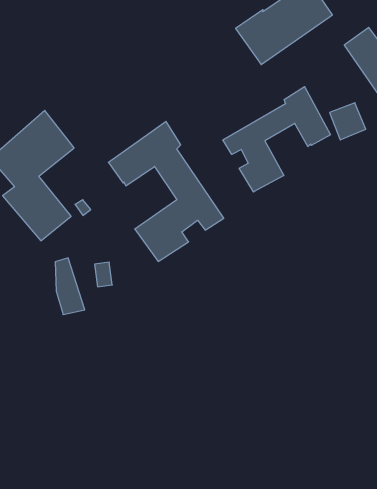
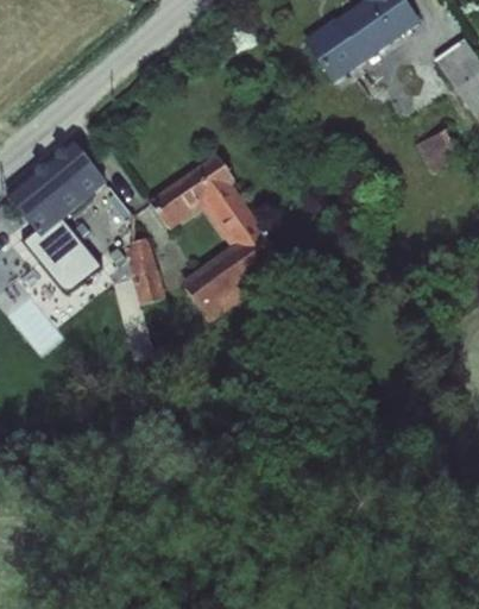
building: [223,87,330,192] -> none
building: [55,258,85,315] -> [131,236,166,304]

